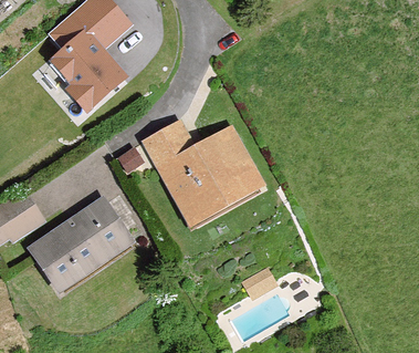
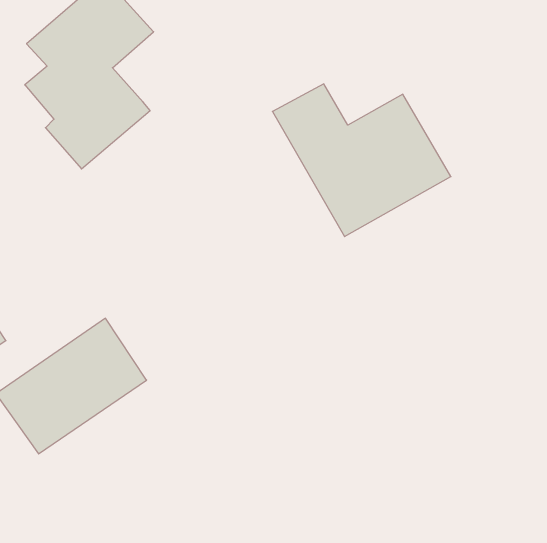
building: [145,129,260,228] -> [272,84,451,237]

